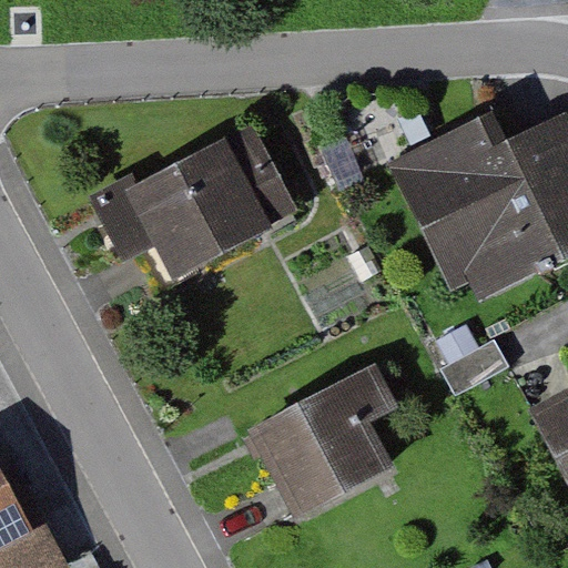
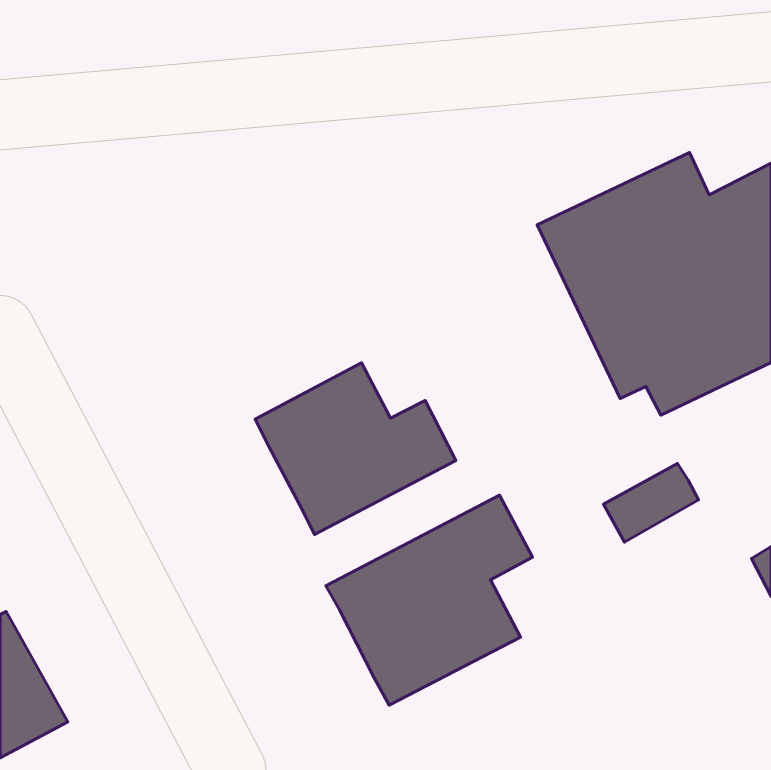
building: [84,122,295,283] -> none
building: none -> [255,363,456,535]

